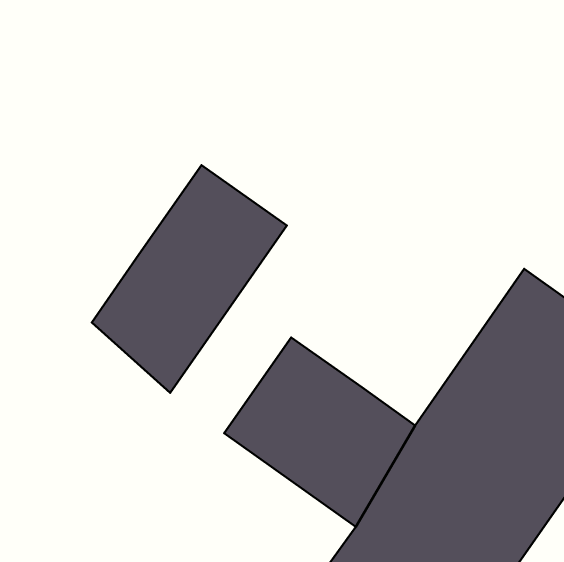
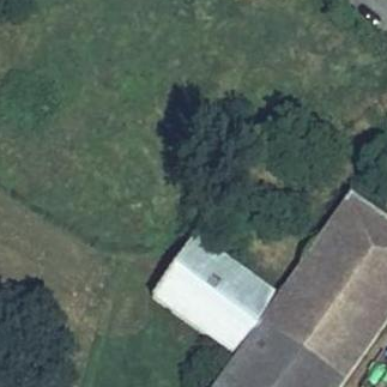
building: [92,165,287,393] -> none

